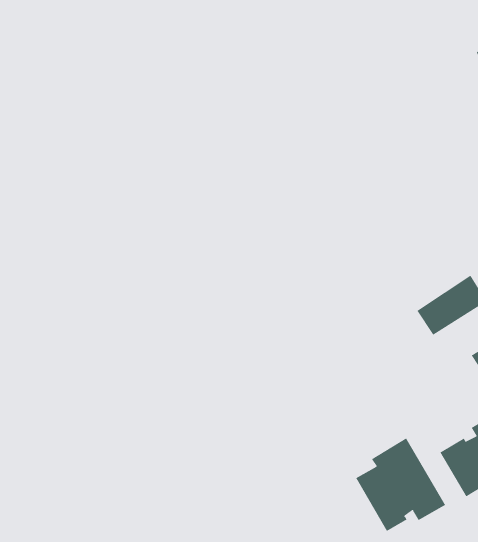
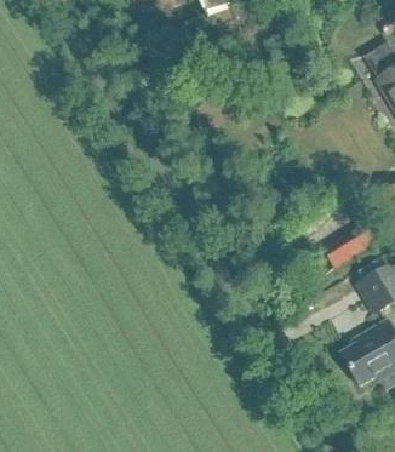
building: [355,437,446,532] -> none

